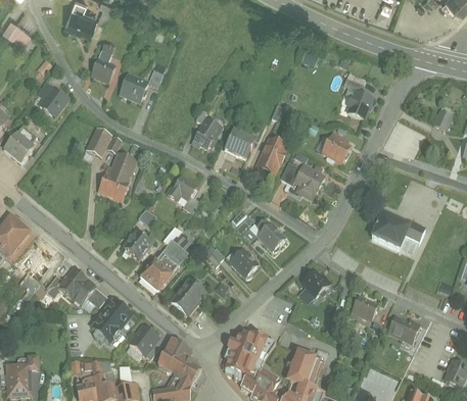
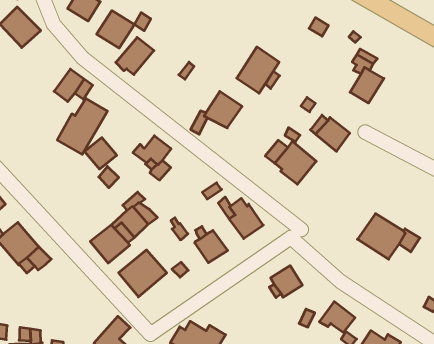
building: [191,117,223,150] -> [116,37,154,75]
building: [254,137,289,177] -> [237,47,279,93]
building: [124,232,152,259] -> [84,138,117,169]
building: [89,297,133,344] -> none
building: [128,323,160,356] -> none

